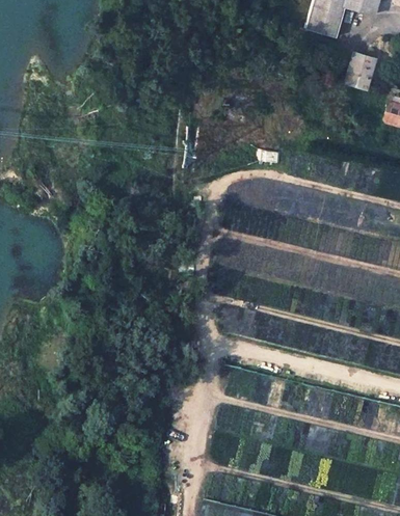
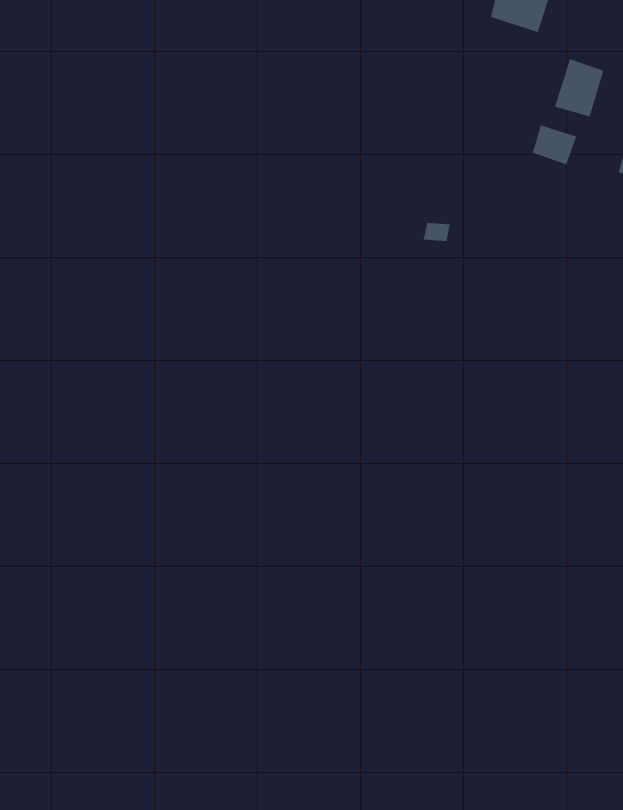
building: none -> [532,125,577,165]

